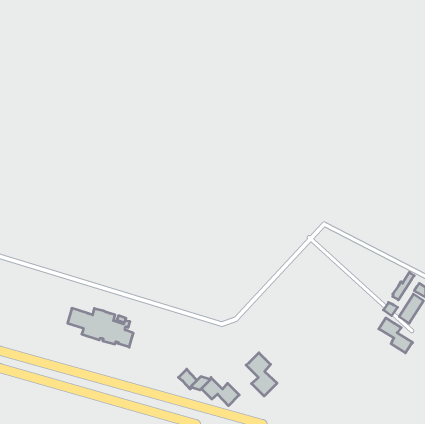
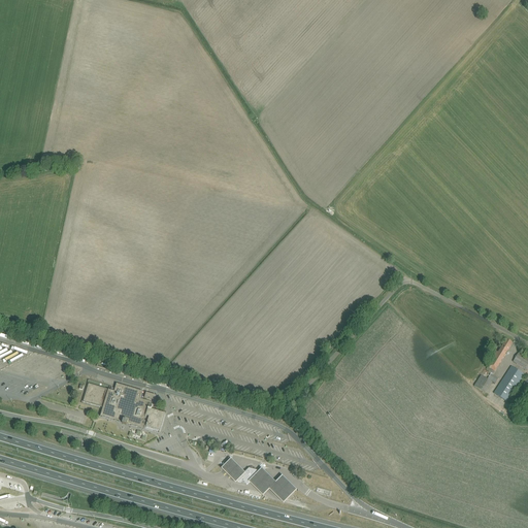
building: [379,318,413,353] -> none
building: [246,353,277,396] -> none

